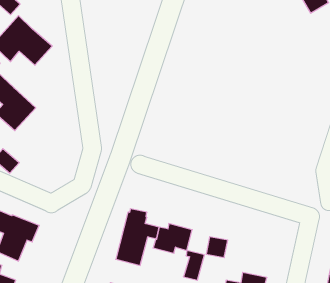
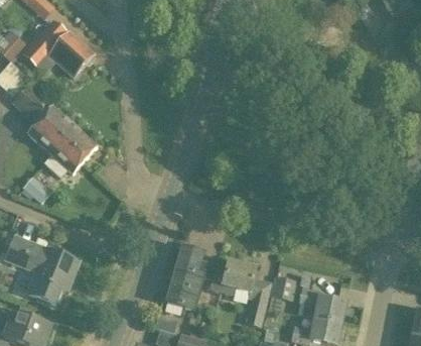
building: none -> [44,127,96,179]
building: none -> [299,289,345,324]

